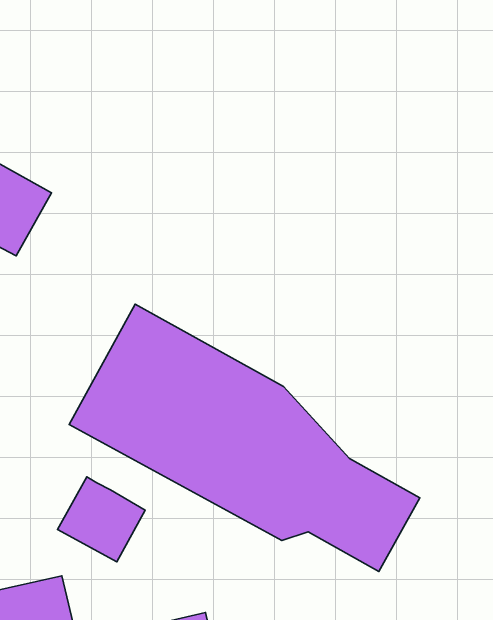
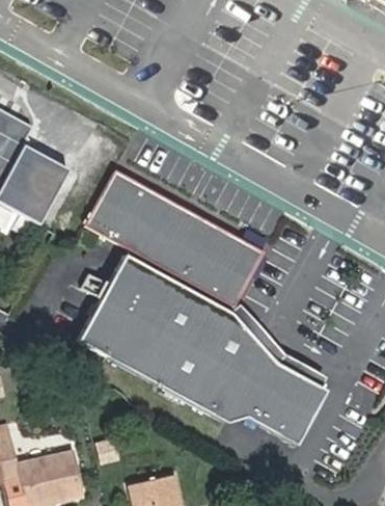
building: none -> [86,169,268,302]
building: [58,477,145,562] -> none

